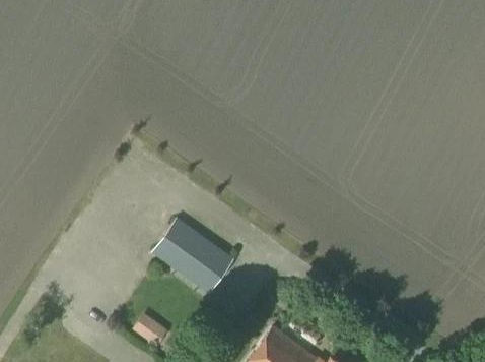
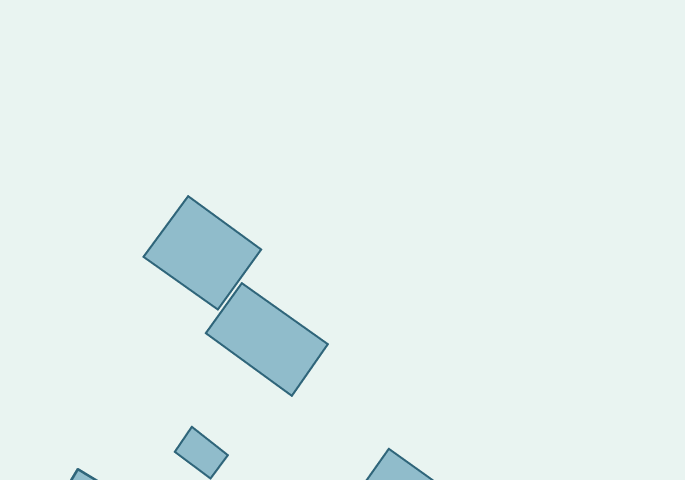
building: none -> [144,196,261,309]

